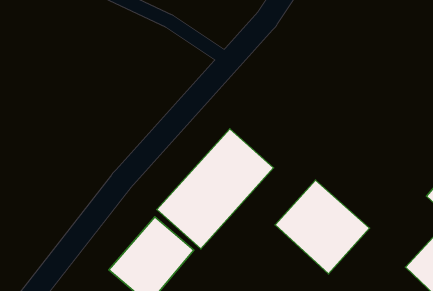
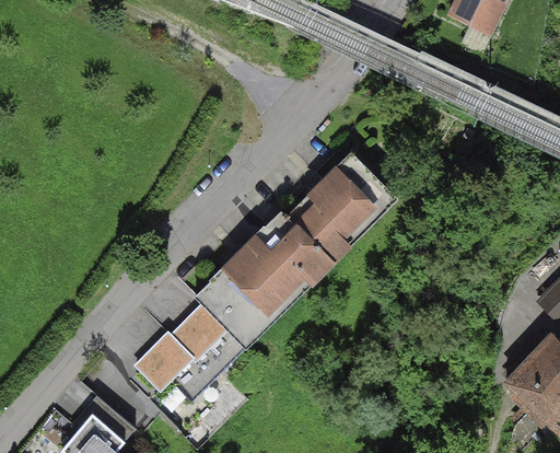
building: none -> [294,147,398,252]
building: [275,180,370,274] -> none

